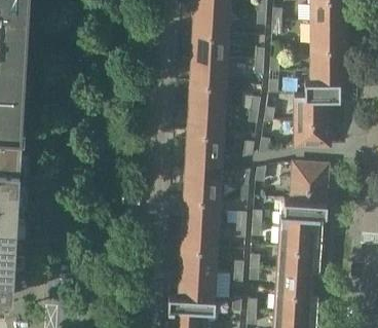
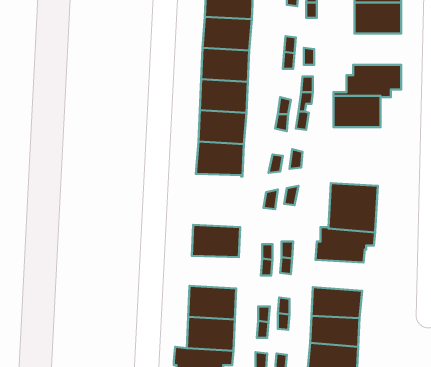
building: [310,46,348,71] -> none
building: [295,120,332,147] -> none
building: [184,171,222,199] -> none
building: [181,222,220,248] -> none
building: [278,225,318,250] -> none

